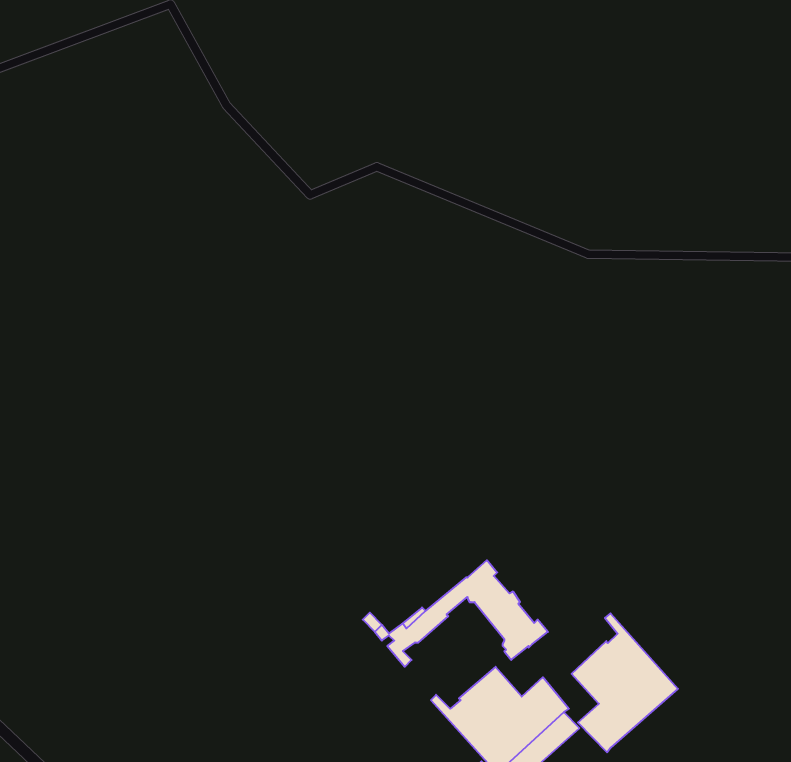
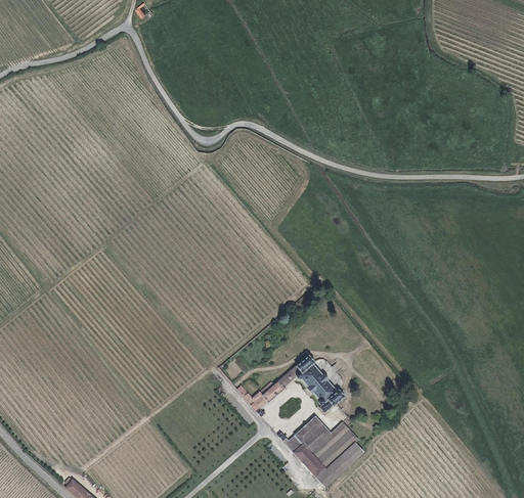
building: [572,613,678,752] -> none

